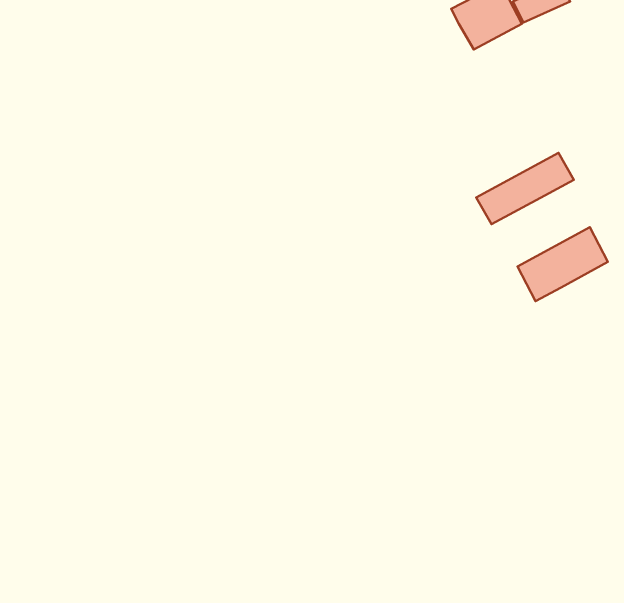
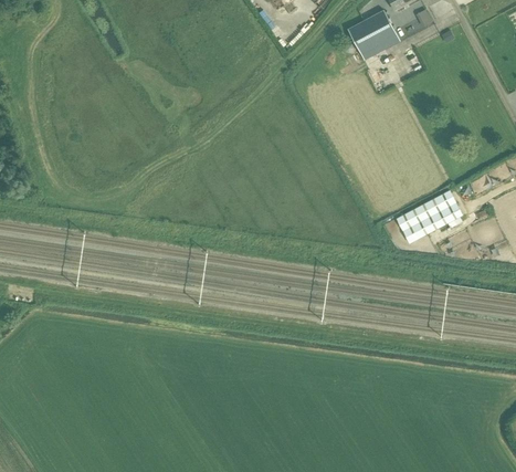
building: [476,153,574,224] -> none

